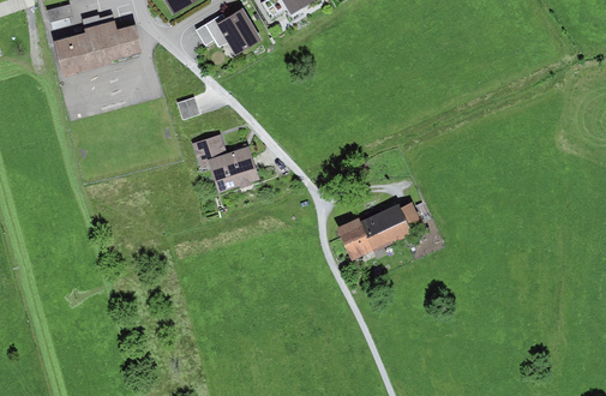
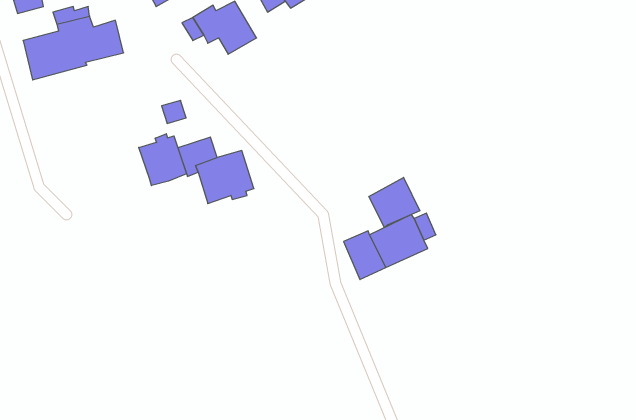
building: none -> [139,134,187,186]
building: none -> [369,177,420,227]

